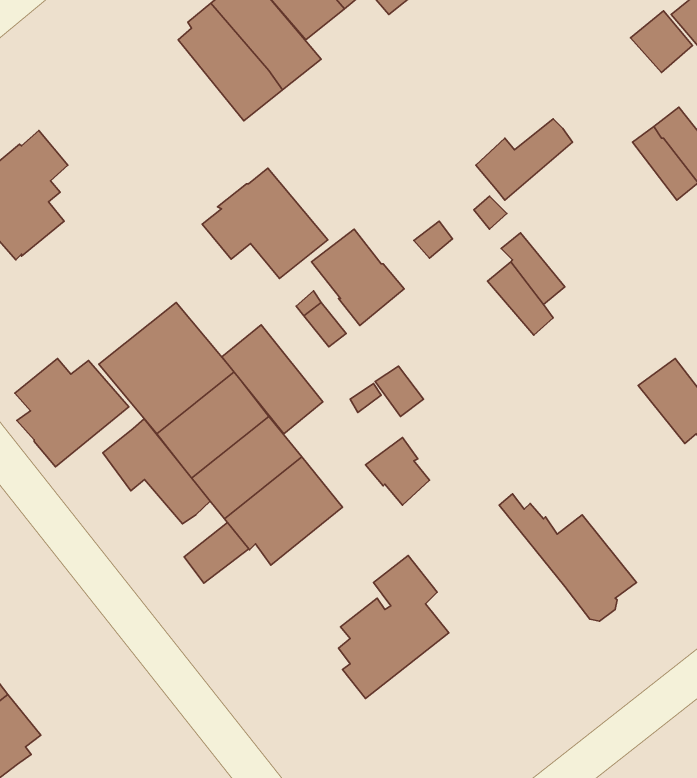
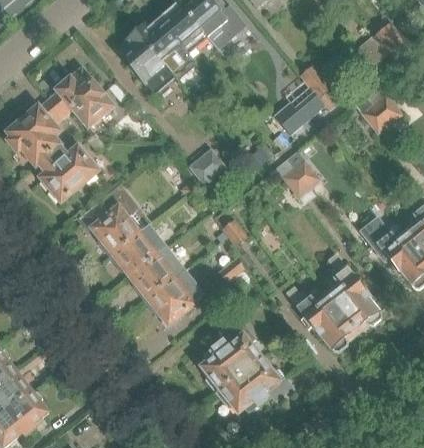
building: none -> [300,65,339,107]
building: [202,168,328,278] -> [48,69,113,126]
building: [222,325,323,434] -> none
building: [15,359,129,467] -> [39,145,98,201]
building: [103,419,210,524] -> none
building: none -> [328,254,382,332]
building: [184,522,249,583] -> none
building: none -> [217,358,293,412]

